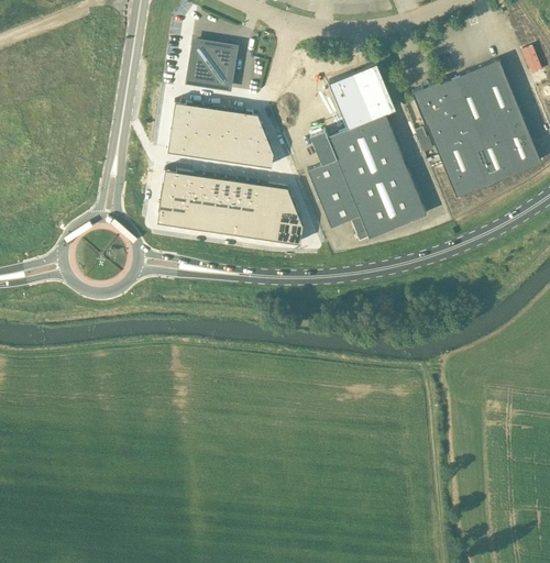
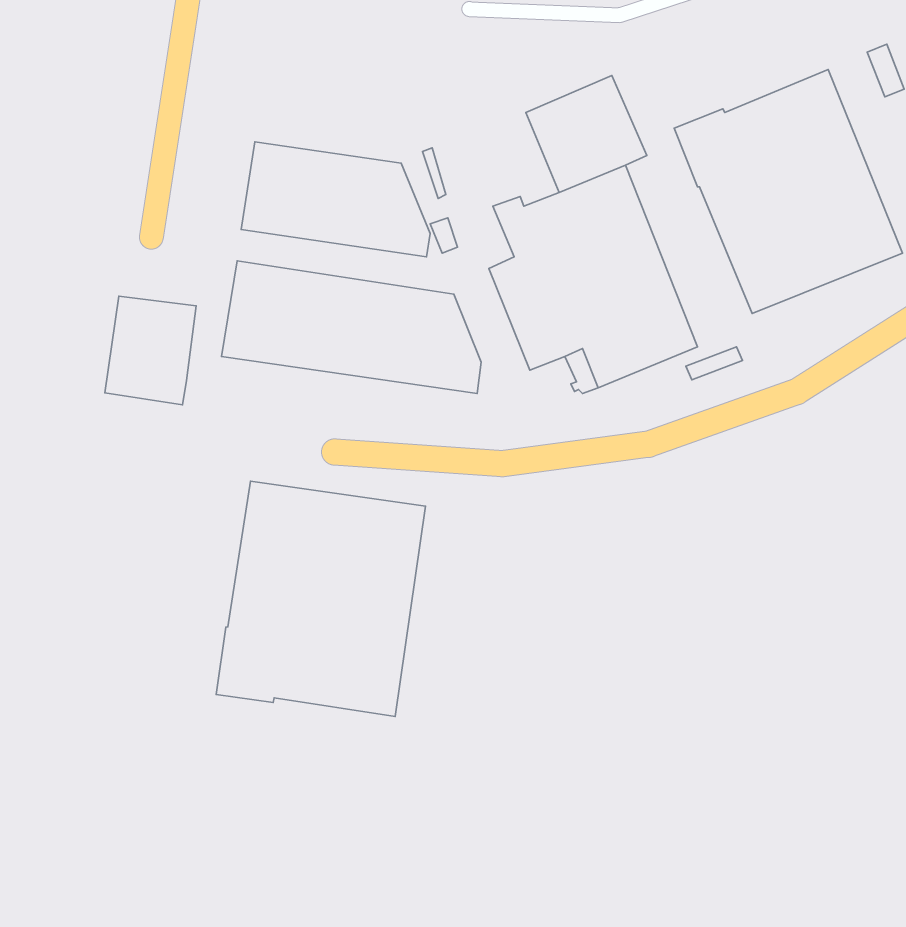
building: [189,44,235,87] -> none
building: none -> [105,296,196,405]
building: none -> [216,481,425,716]

